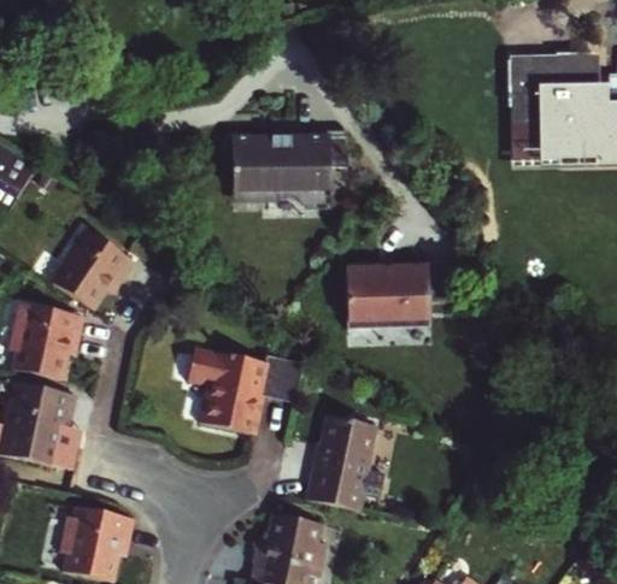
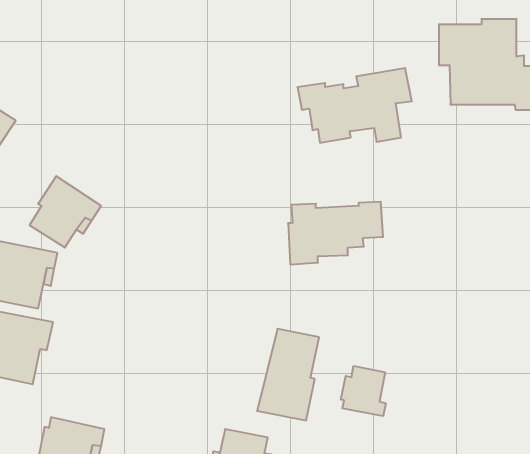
building: [221,135,349,219] -> [297,68,412,143]
building: [184,350,300,433] -> none
building: none -> [341,366,386,416]

